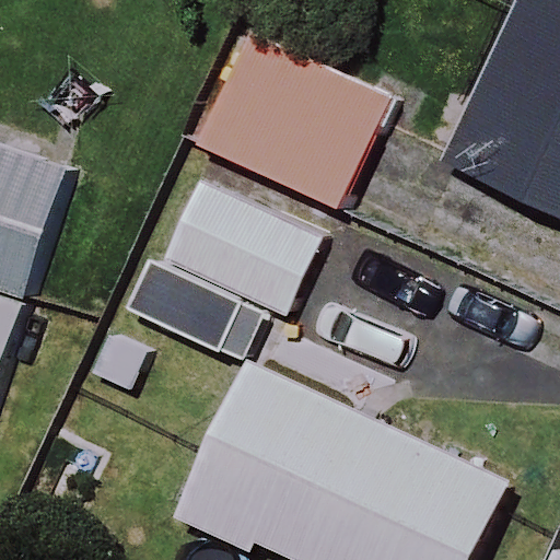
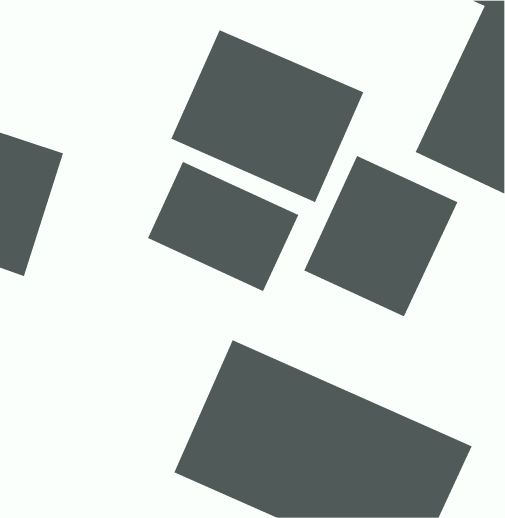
building: none -> [303,155,458,317]

